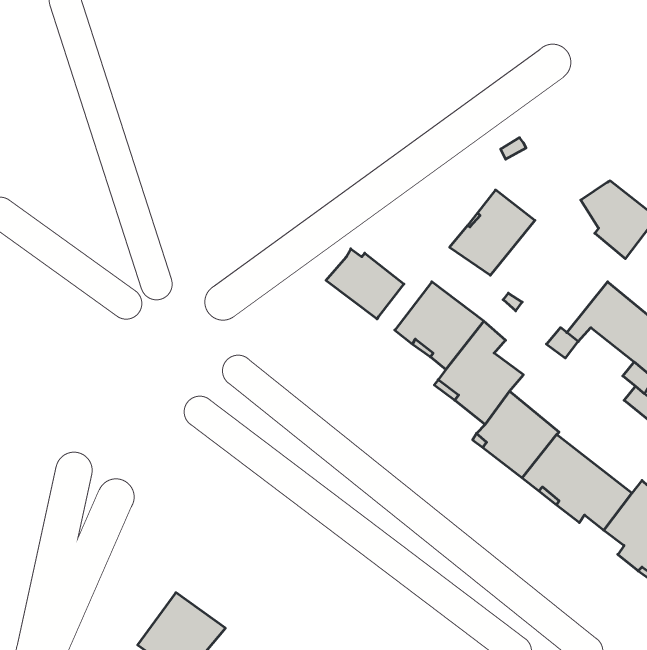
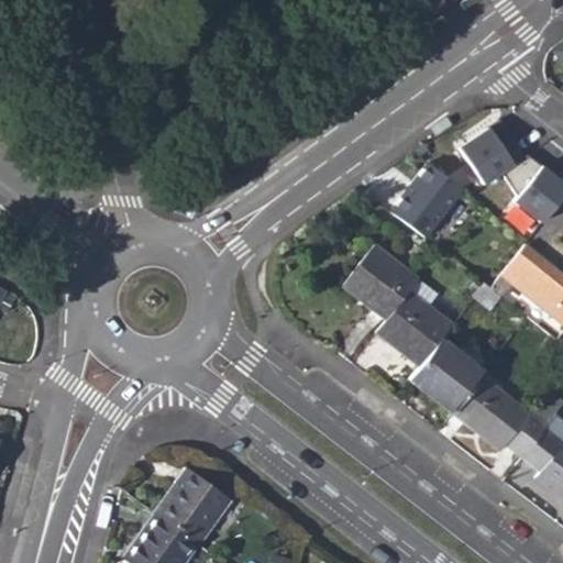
building: none -> [462,121,528,186]
building: [326,249,404,319] -> none
building: none -> [155,468,230,543]

